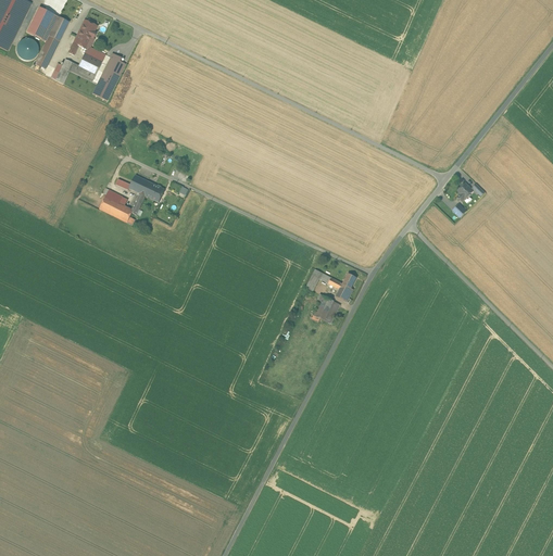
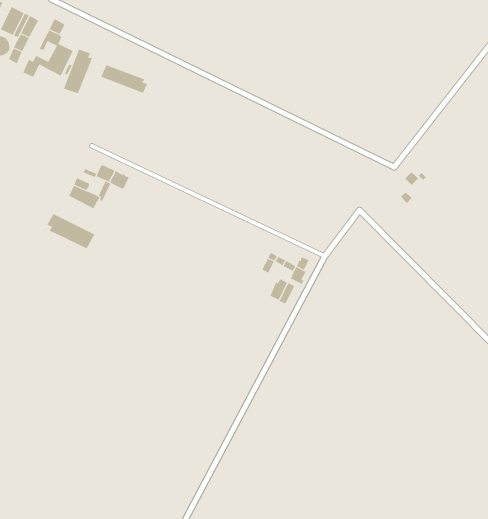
building: none -> [101,65,148,94]
building: none -> [47,213,95,249]

